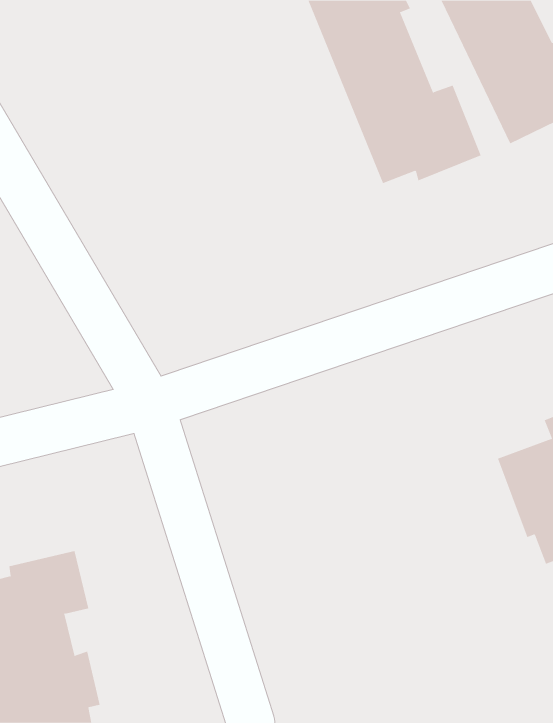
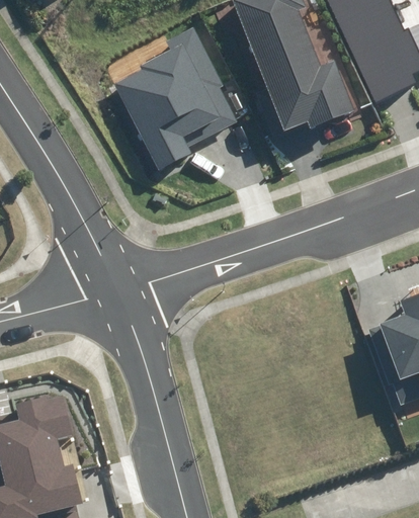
building: none -> [114,27,238,170]

